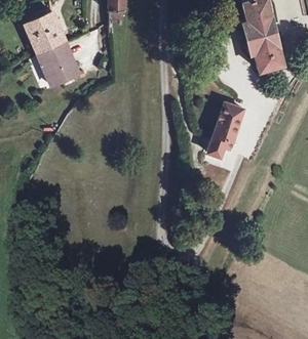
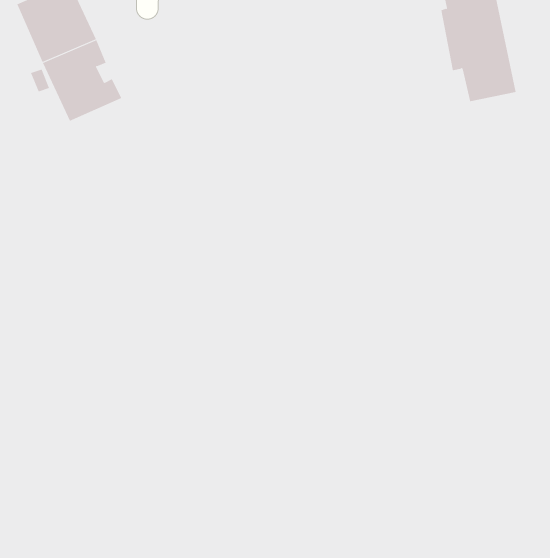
building: [201,101,241,170] -> none

